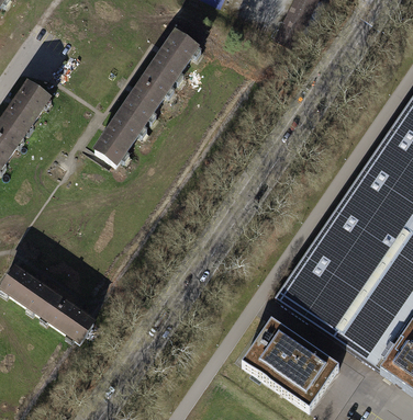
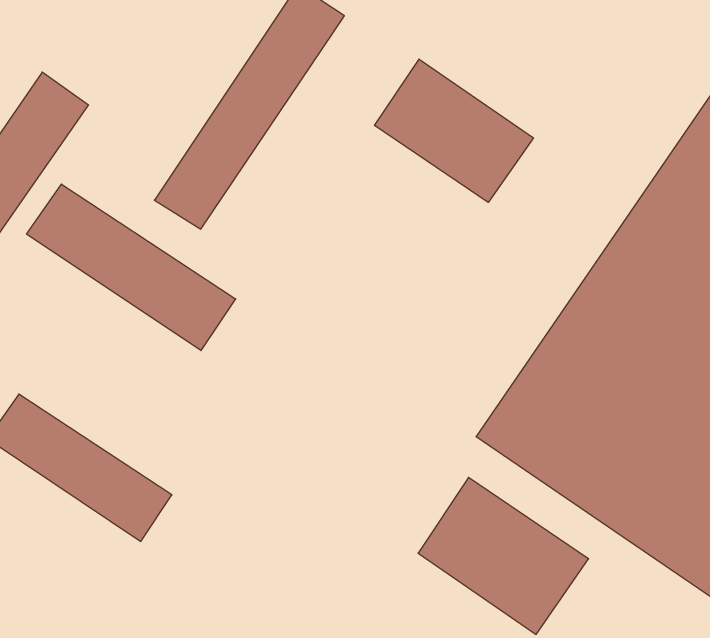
building: none -> [375,59,533,202]
building: none -> [27,184,236,351]

